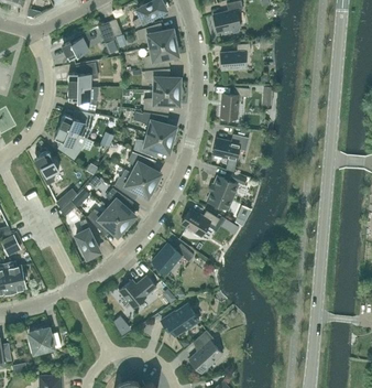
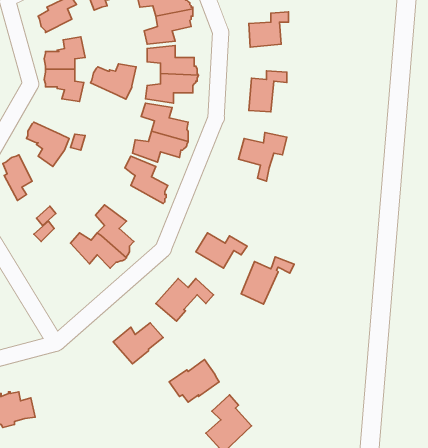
building: [59,112,94,139] -> [90,64,136,99]
building: [114,170,156,197] -> none
building: [207,173,247,208] -> [241,257,294,304]
building: [76,219,99,261] -> none

